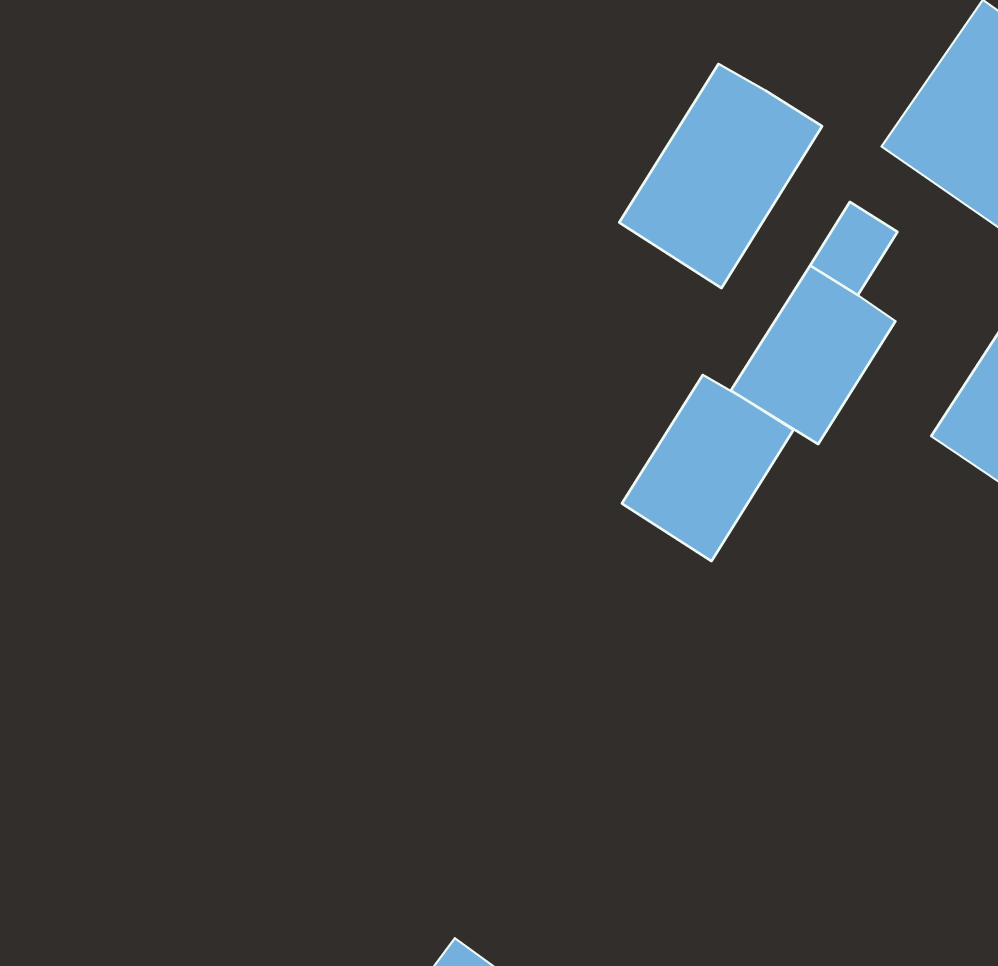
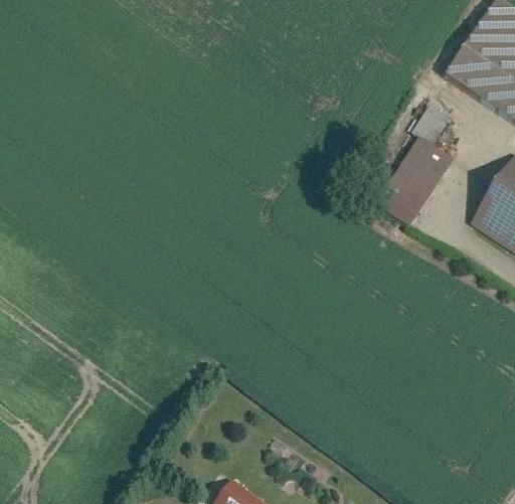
building: [619,64,822,288] -> none
building: [622,375,793,561] -> none

